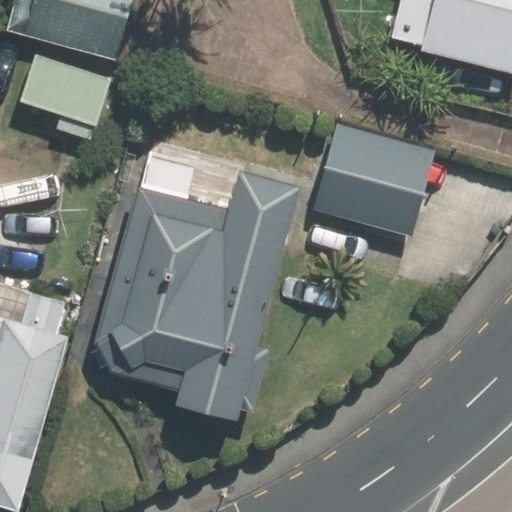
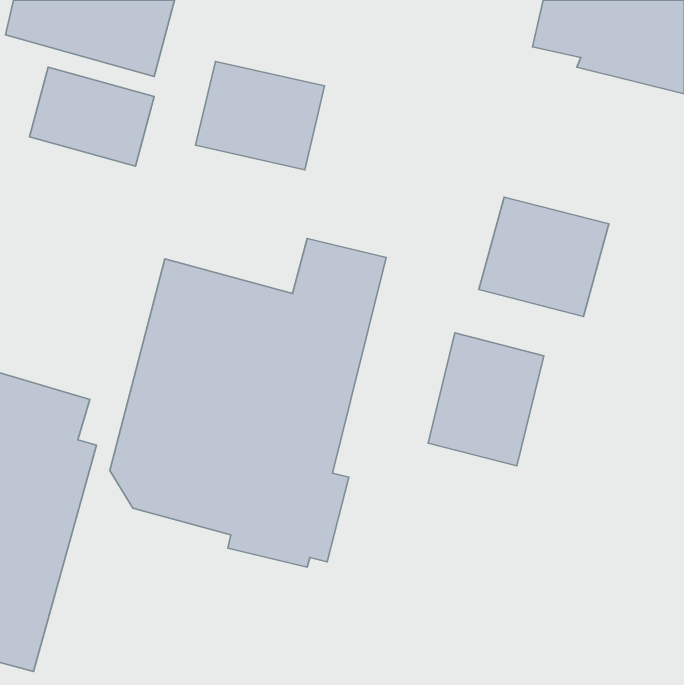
building: none -> [195,61,325,170]
building: none -> [428,333,544,466]

